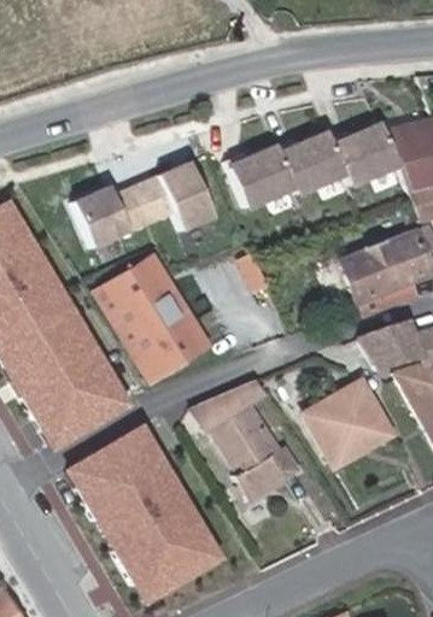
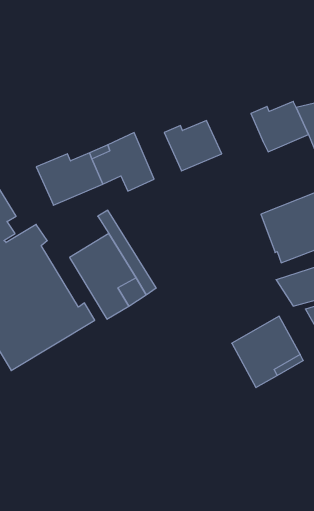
building: [274,133,341,193] -> none
building: [96,262,157,311] -> none
building: [188,378,298,500] -> none
building: [74,428,227,601] -> none

